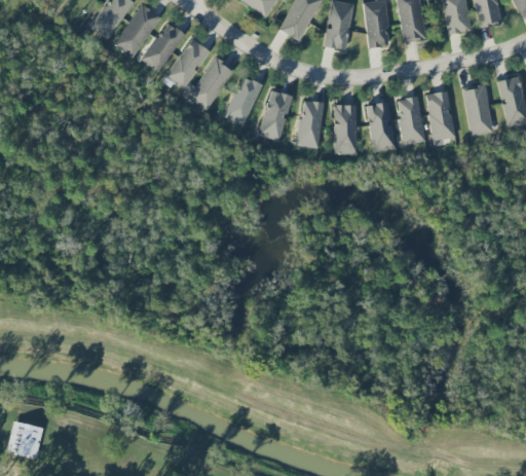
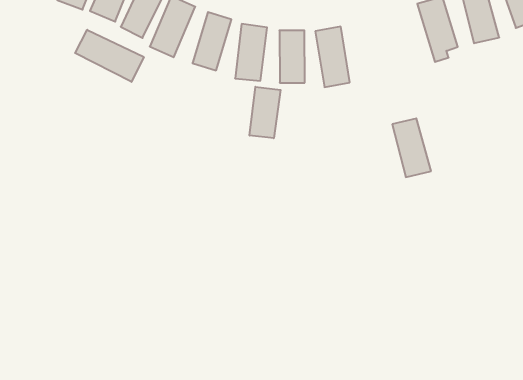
building: none -> [75,30,144,82]
building: [397,96,425,145] -> none
building: [368,102,396,151] -> [392,118,431,177]
building: none -> [250,87,281,138]

